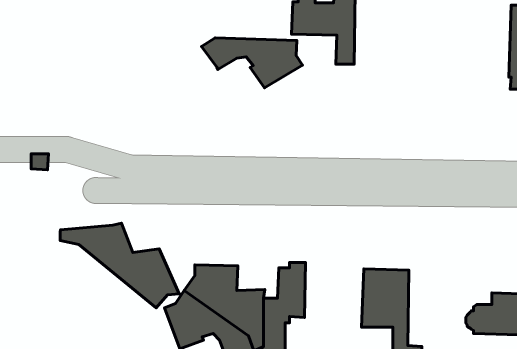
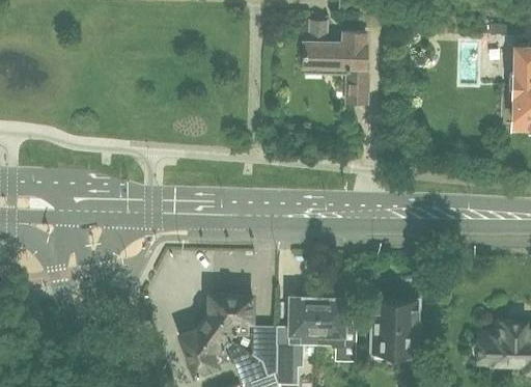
building: [201,38,302,88] -> none
building: [60,223,179,308] -> none
building: none -> [316,292,356,361]

